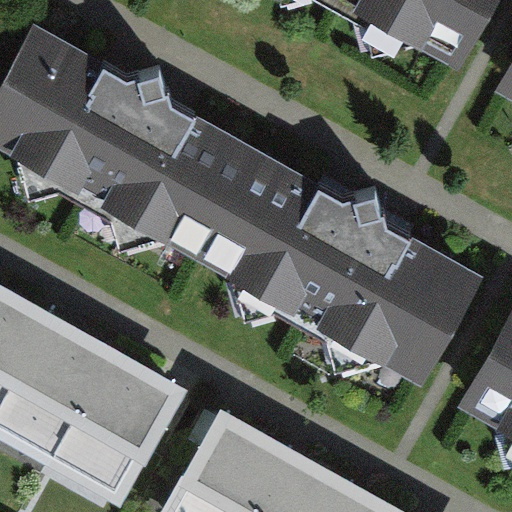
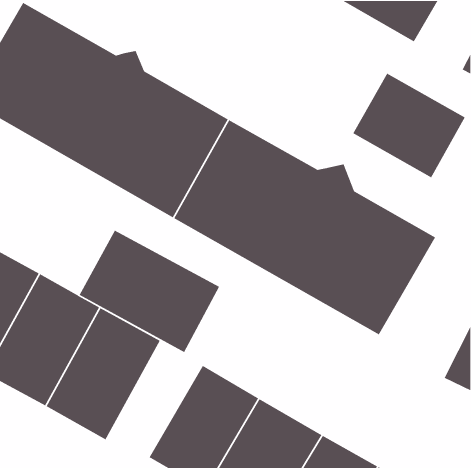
building: none -> [352,73,466,179]
building: none -> [79,229,220,353]

